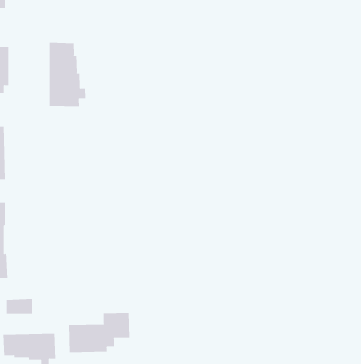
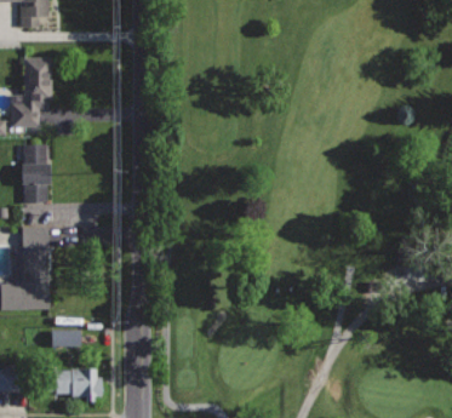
building: [49,42,86,107] -> none
building: [68,312,130,353] -> none

